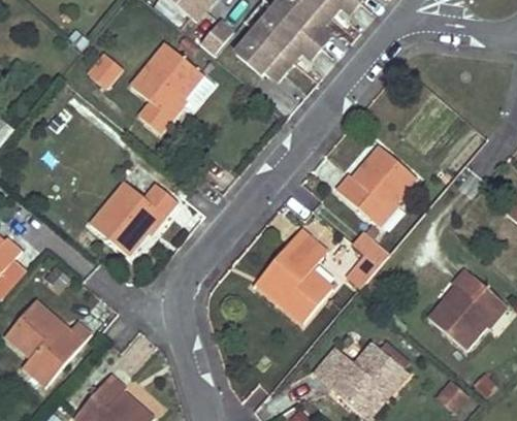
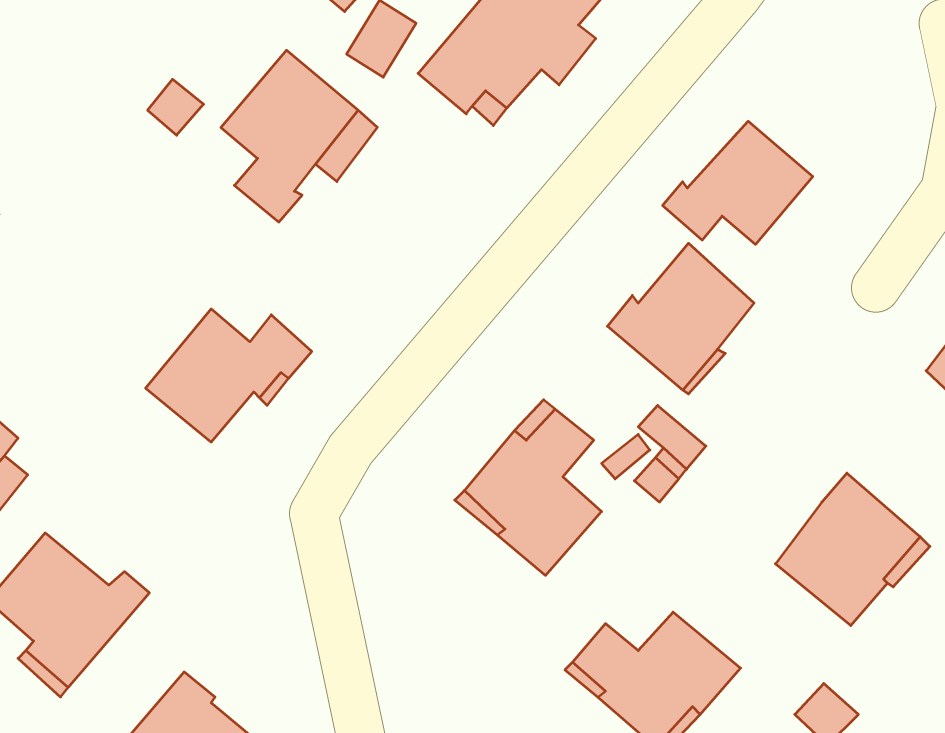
building: none -> [663,121,813,244]

